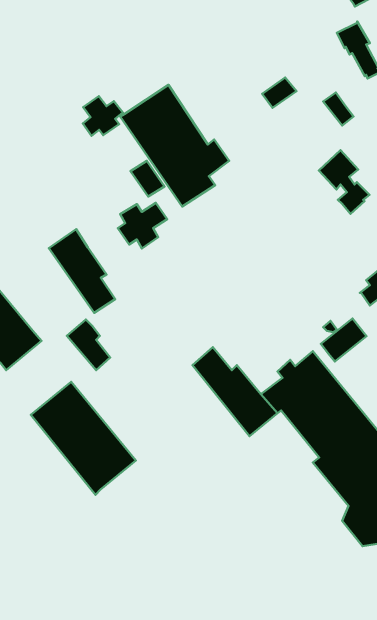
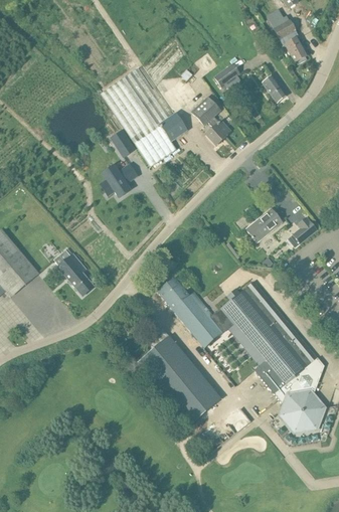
building: [83,96,123,136] -> none
building: [319,150,370,214] -> [190,95,230,145]
building: [49,229,115,313] -> none
building: [321,318,367,361] -> [245,207,282,241]
building: [31,382,136,495] -> [137,335,220,424]

